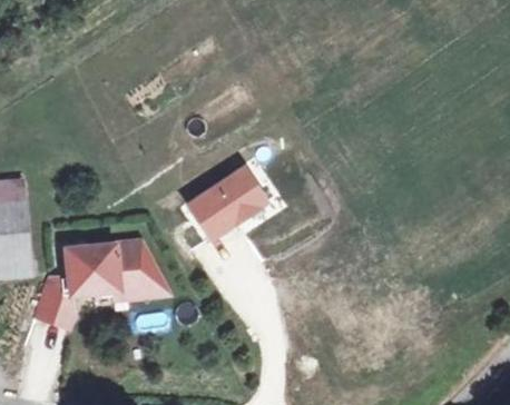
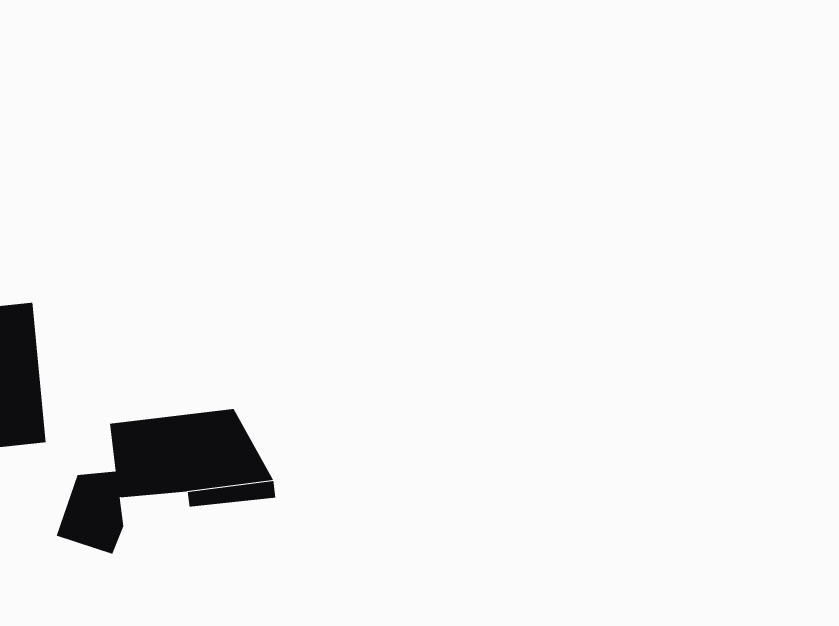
building: [180,167,267,244] -> none

